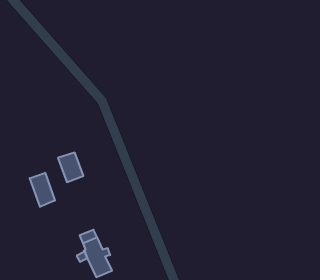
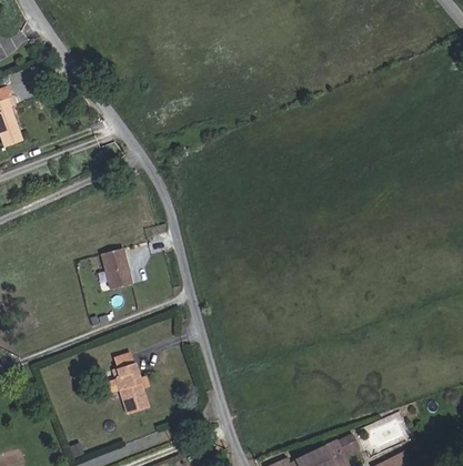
building: [30,173,55,207] -> none

